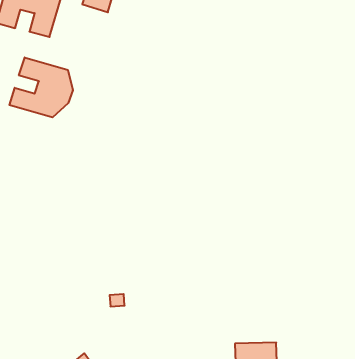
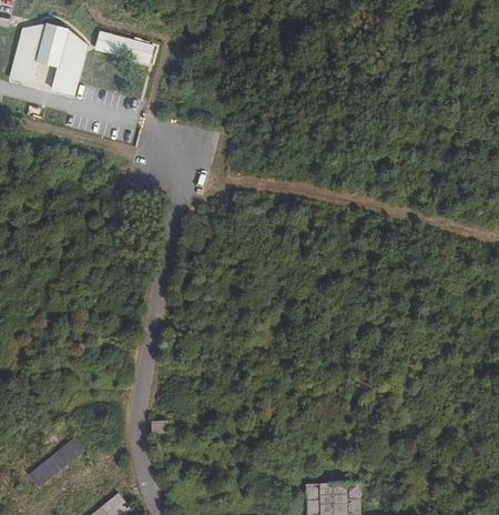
building: [9,57,73,117] -> none
building: none -> [27,440,81,488]

